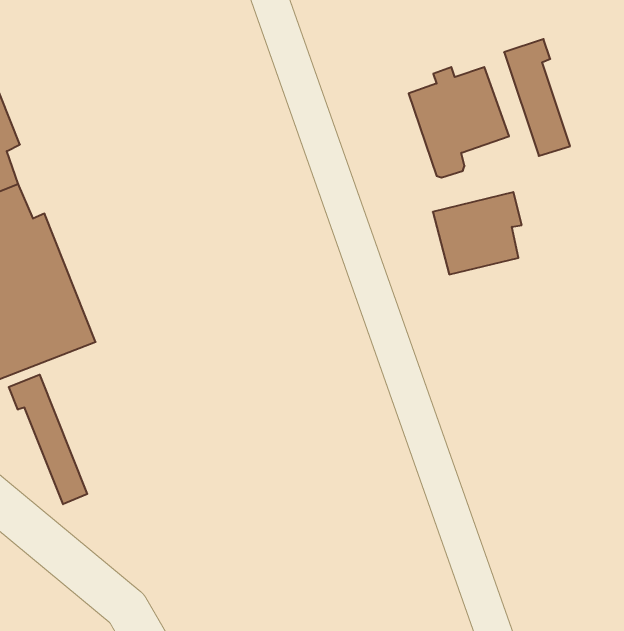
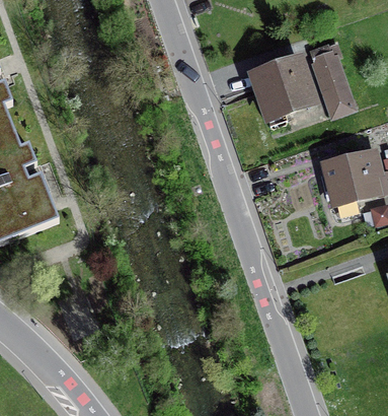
building: [433,192,522,274] -> [324,150,379,201]
building: [9,375,87,504] -> none

